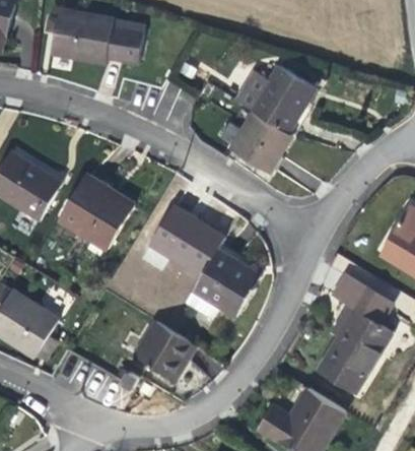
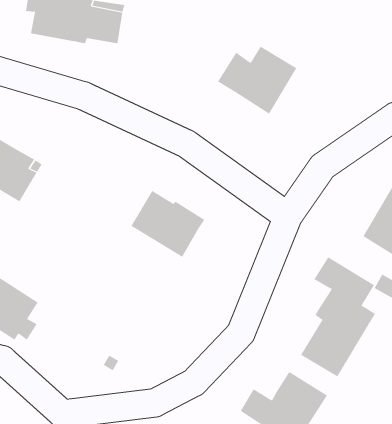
building: [230,111,290,172] -> none
building: [58,174,131,249] -> none
building: [184,248,260,319] -> none
building: [133,320,194,380] -> none

